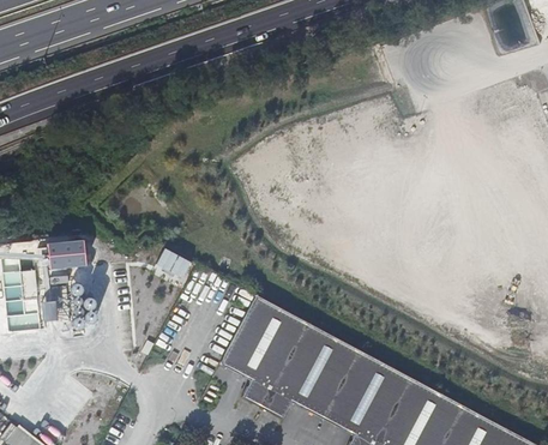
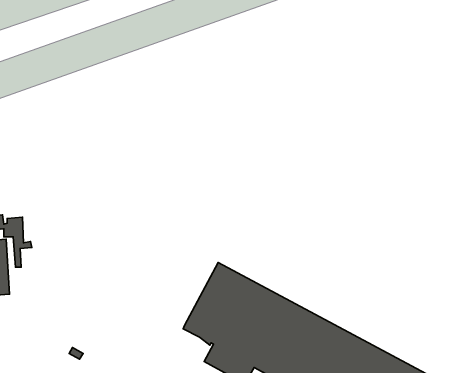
building: [55,243,92,270] -> none
building: [158,251,195,282] -> none

